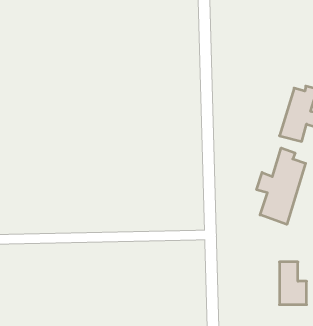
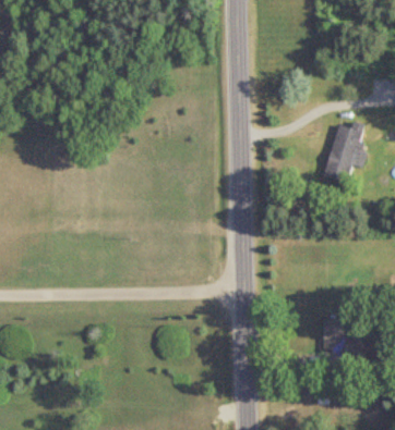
building: [257,148,306,224] -> none

